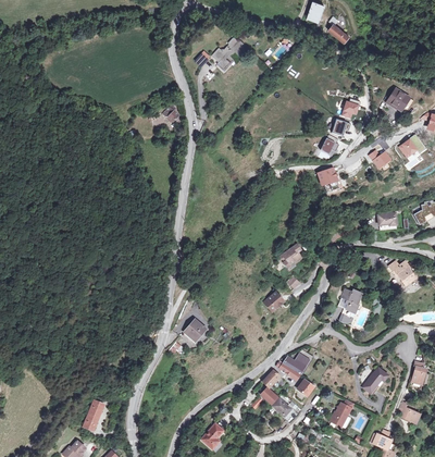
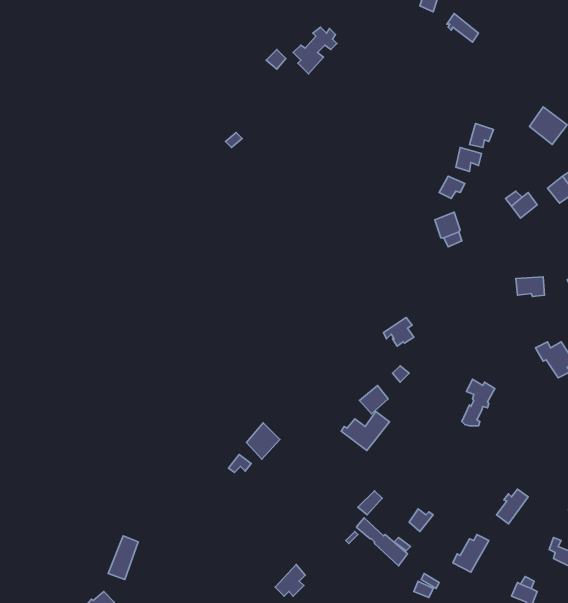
building: [276,349,311,378] -> [341,411,389,451]

